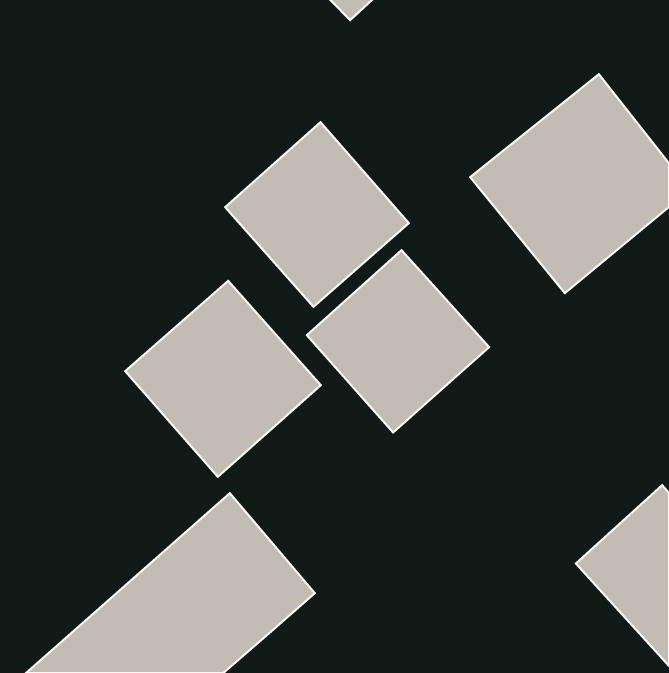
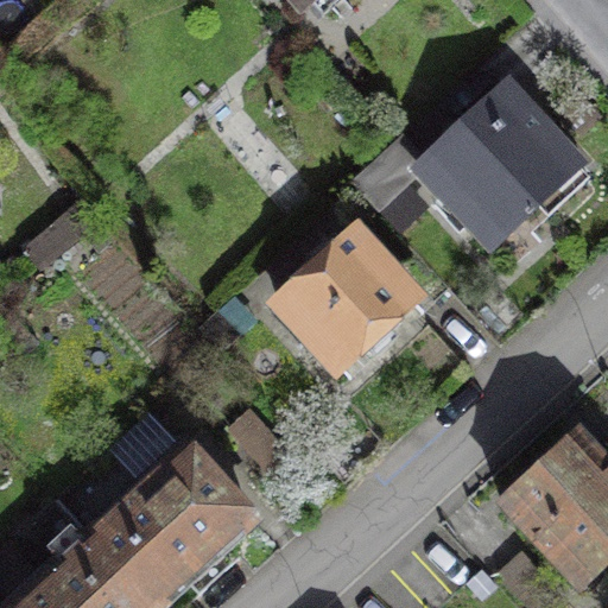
building: [225,122,409,307] -> none
building: [125,281,321,477] -> none

